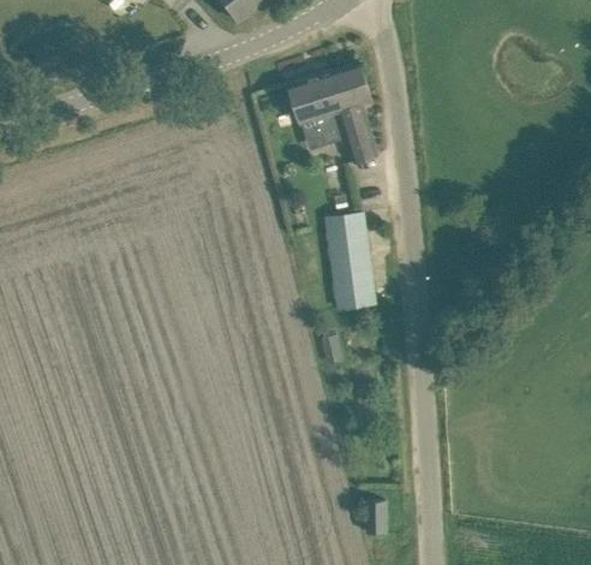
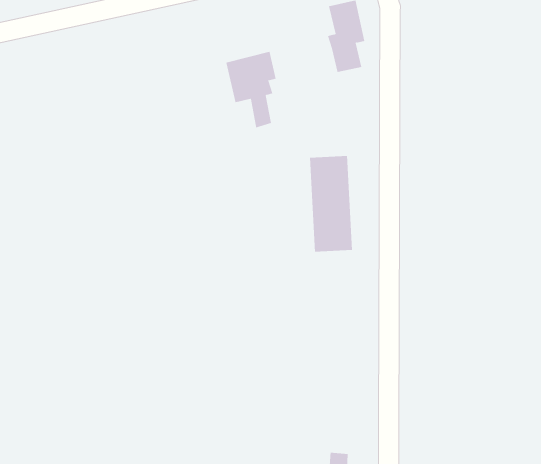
building: [289,69,340,144] -> [226,51,277,128]
building: [345,125,377,160] -> none

